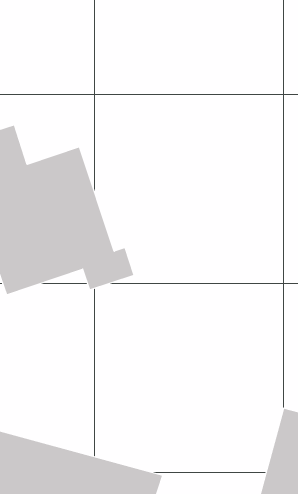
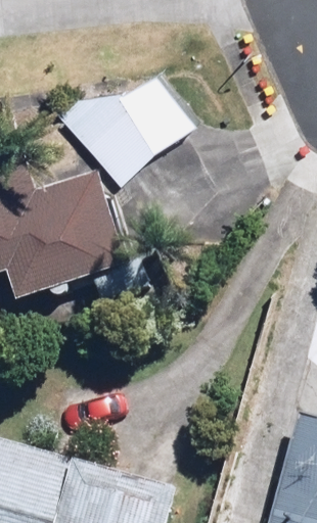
building: none -> [69,74,191,181]

